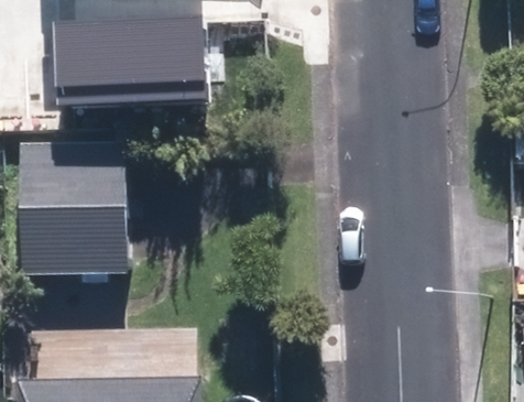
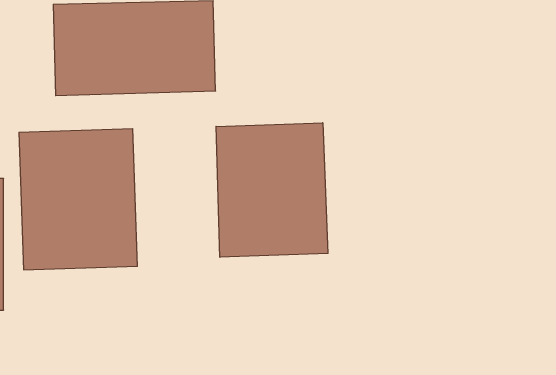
building: none -> [216,123,328,257]

